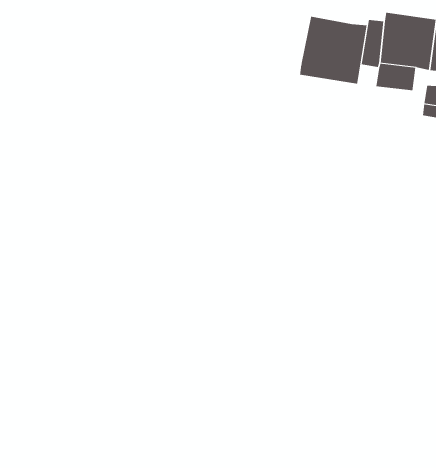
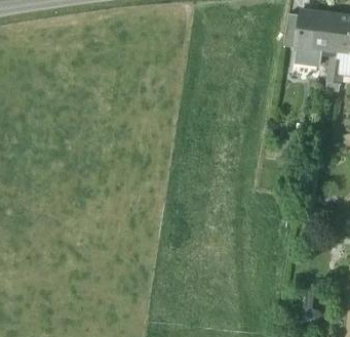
building: [300,16,367,84] -> none

